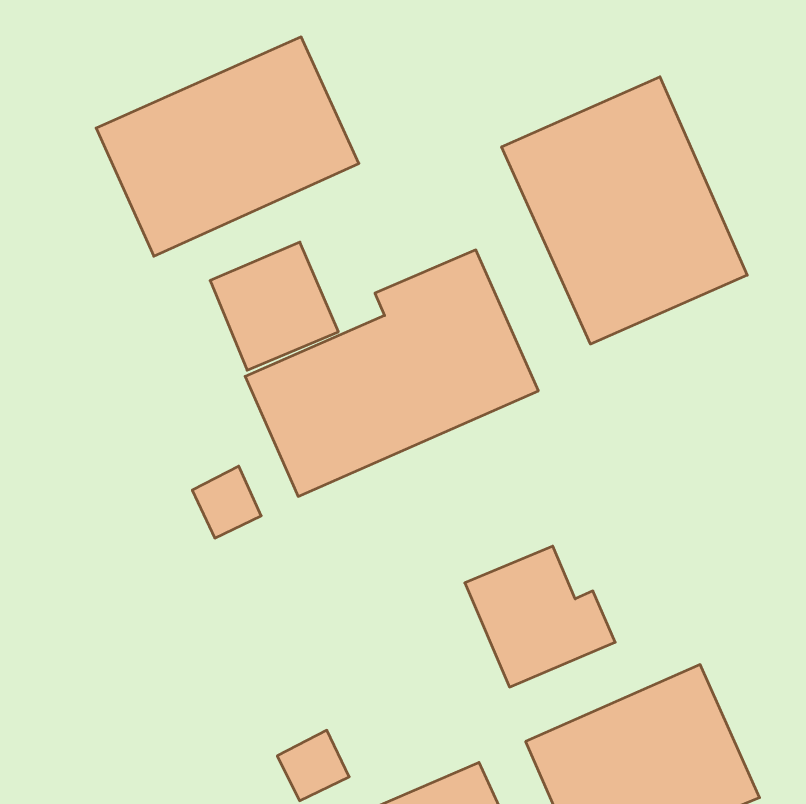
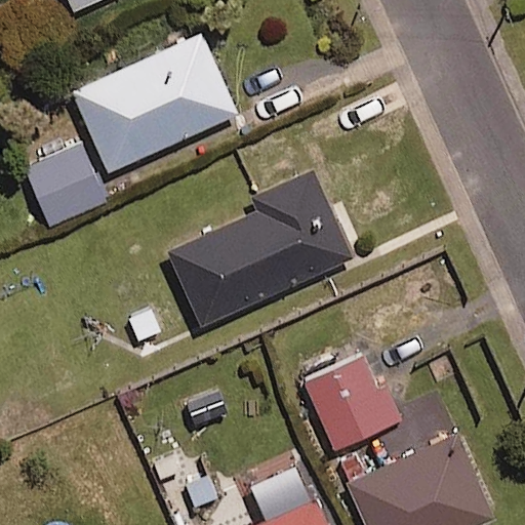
building: [502,77,747,344] -> none
building: [210,242,338,370] -> [26,147,108,229]

